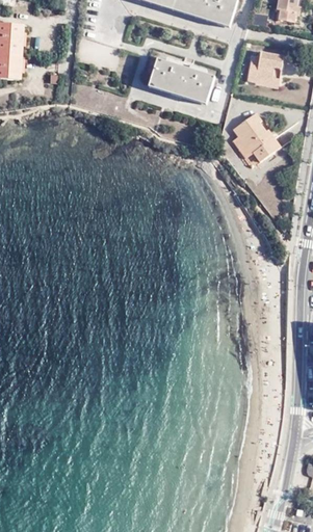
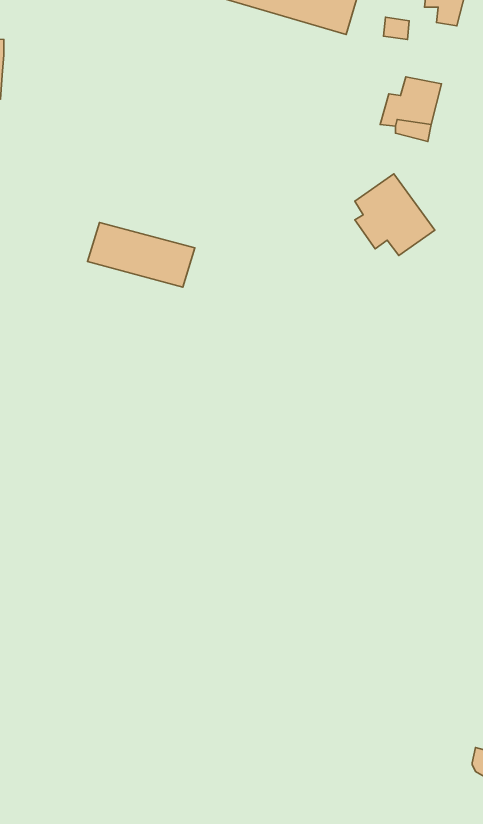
building: [149,60,214,100] -> [88,222,195,287]

